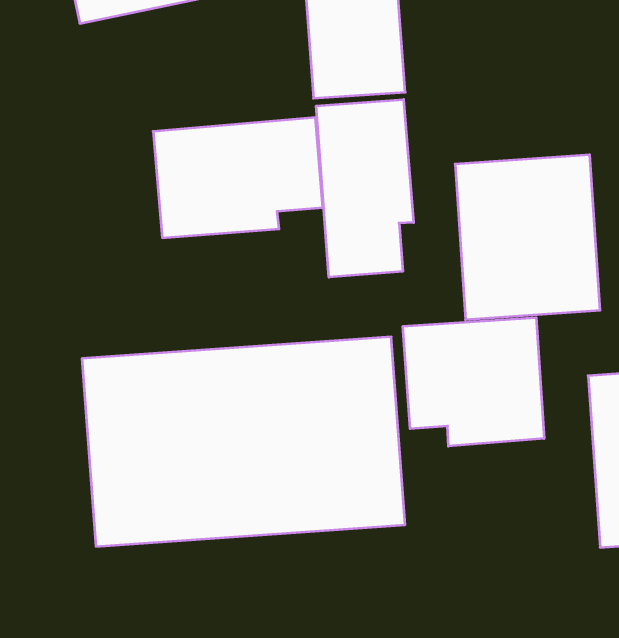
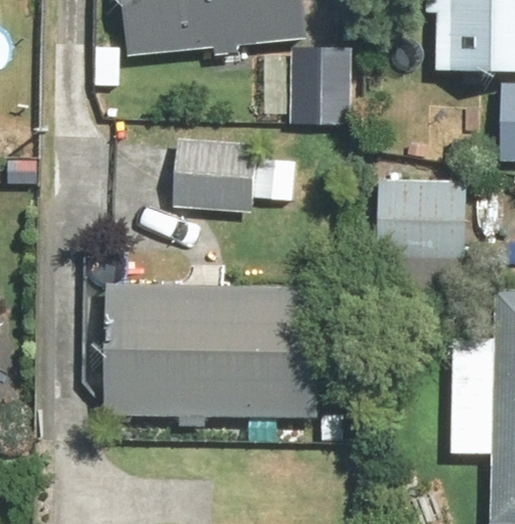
building: [316,99,414,277] -> none
building: [403,318,544,446] -> none

